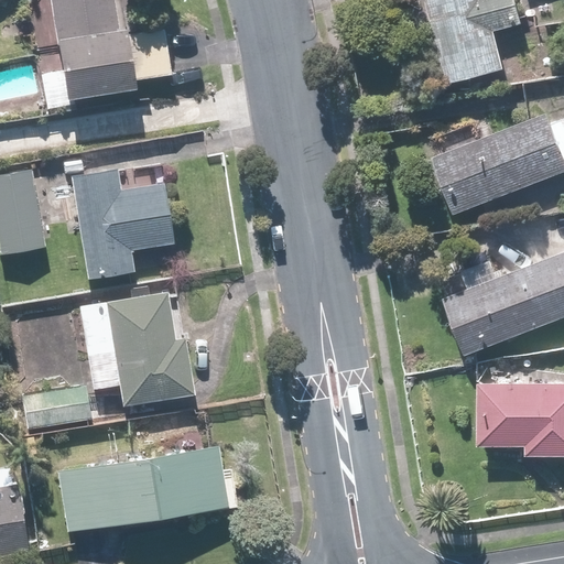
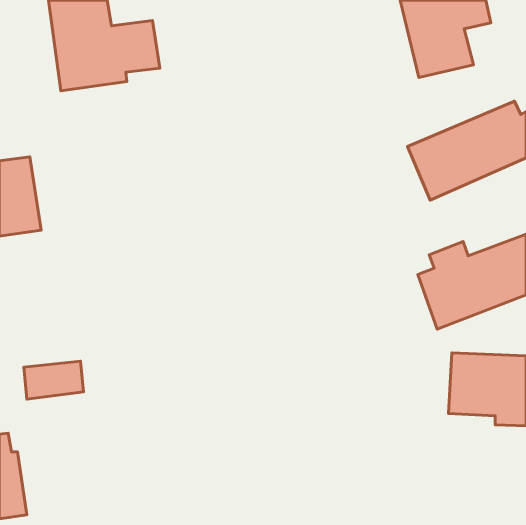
building: [65,170,173,278] -> none
building: [79,293,194,404] -> none
building: [58,445,228,531] -> none

